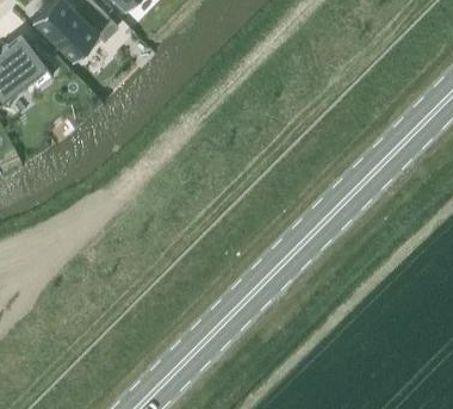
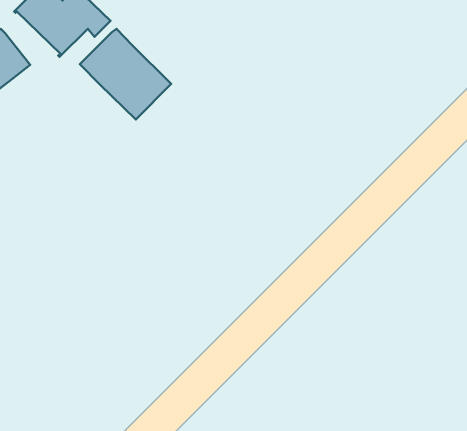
building: none -> [80,29,171,119]

